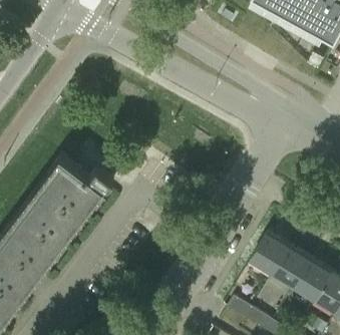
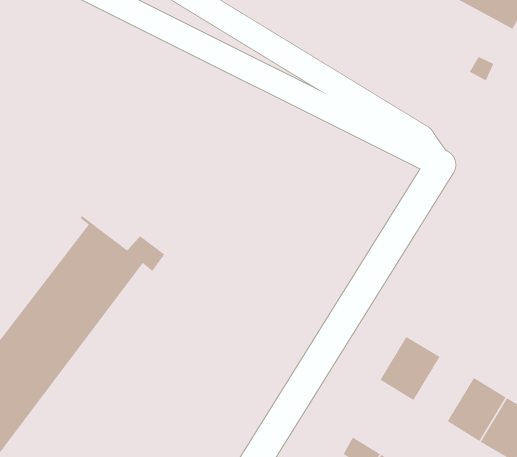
building: [272,248,310,289] -> none

